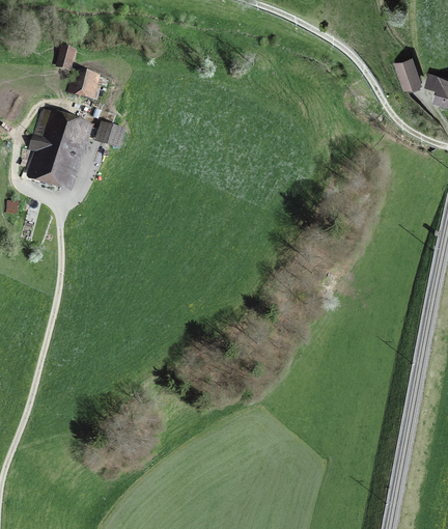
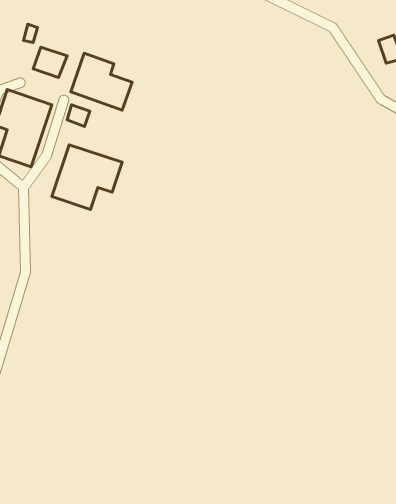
building: none -> [71,53,132,110]
building: none -> [52,145,122,209]

